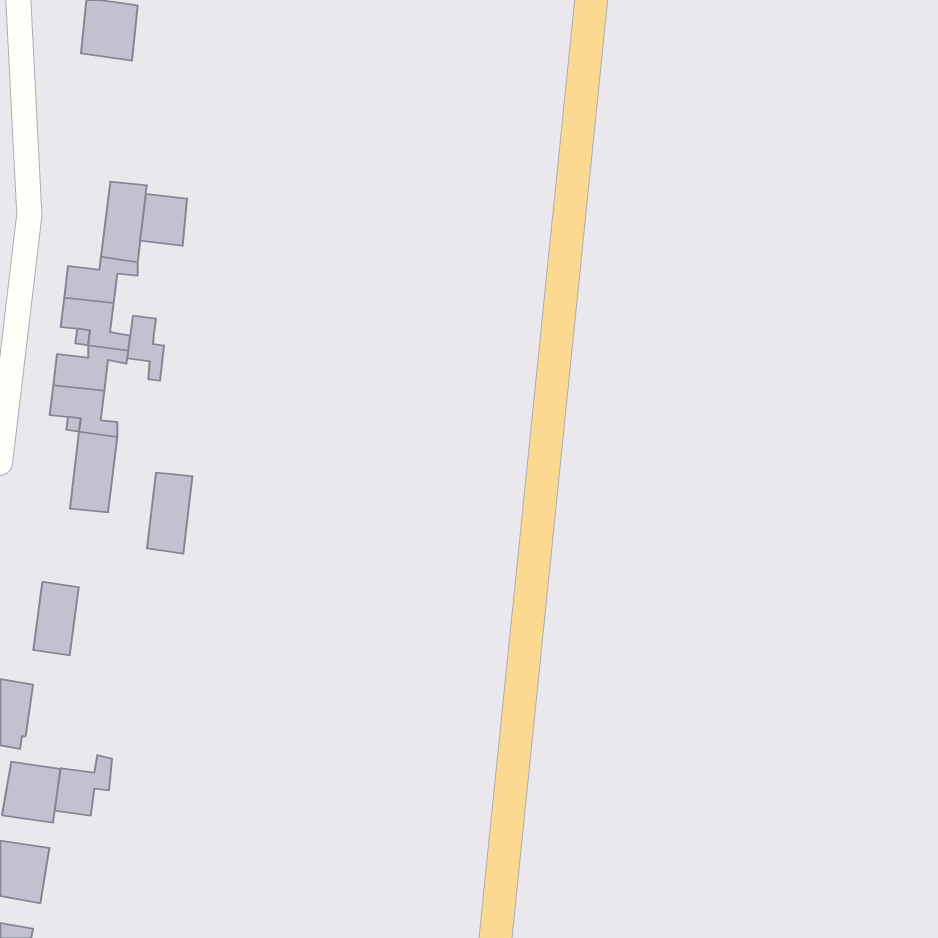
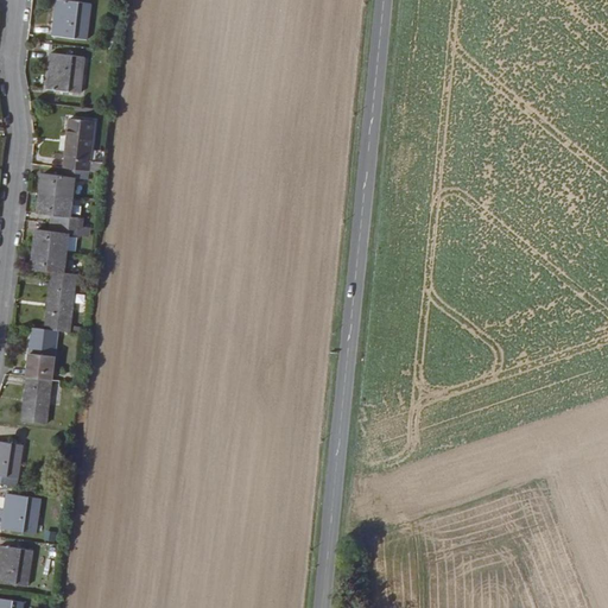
building: none -> [45,52,83,93]
building: [140,194,187,246] -> none
building: [127,316,164,381] -> none
building: [147,473,193,554] -> [27,328,57,380]
building: [55,755,112,816] -> none

